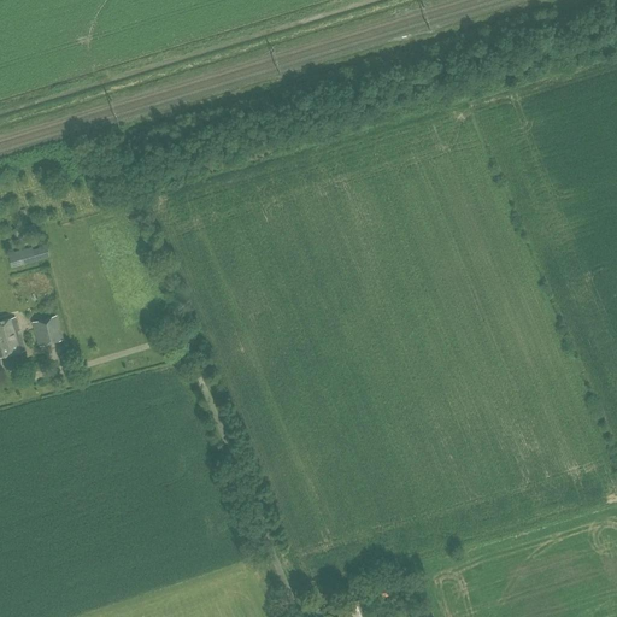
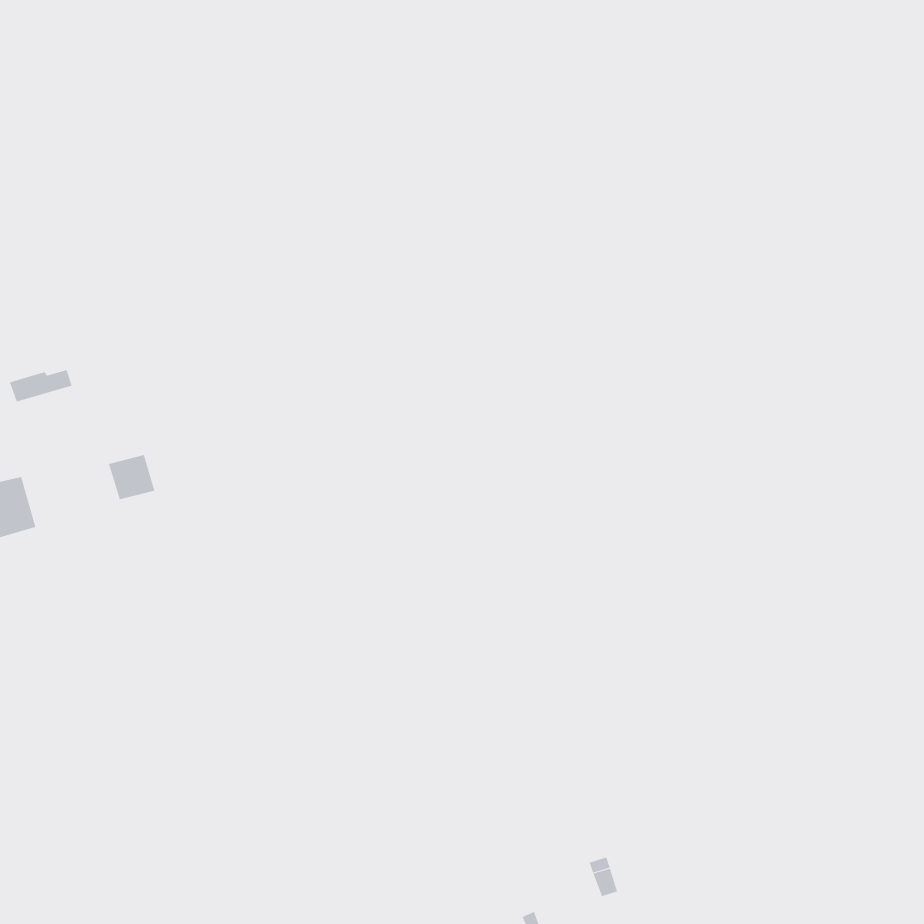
building: [31,317,63,347] -> [108,455,155,500]

